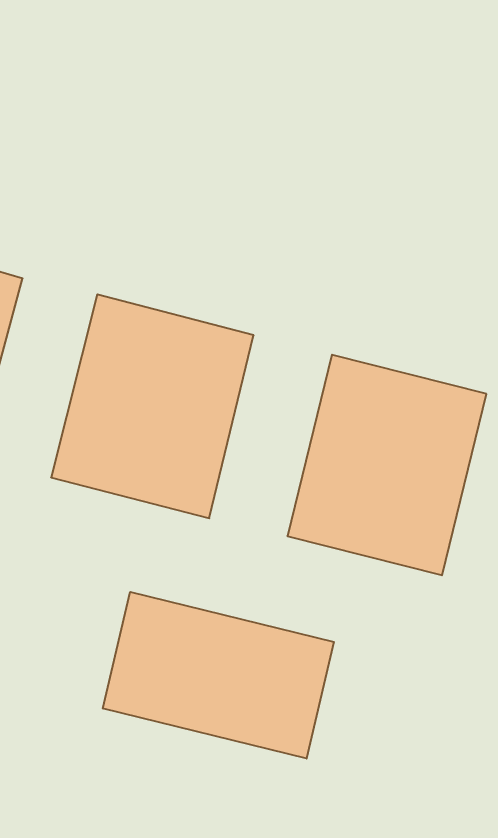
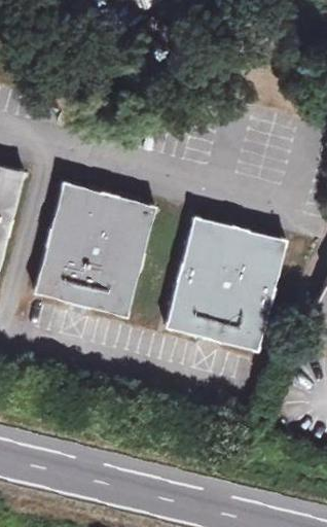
building: [103,592,334,759] -> none

